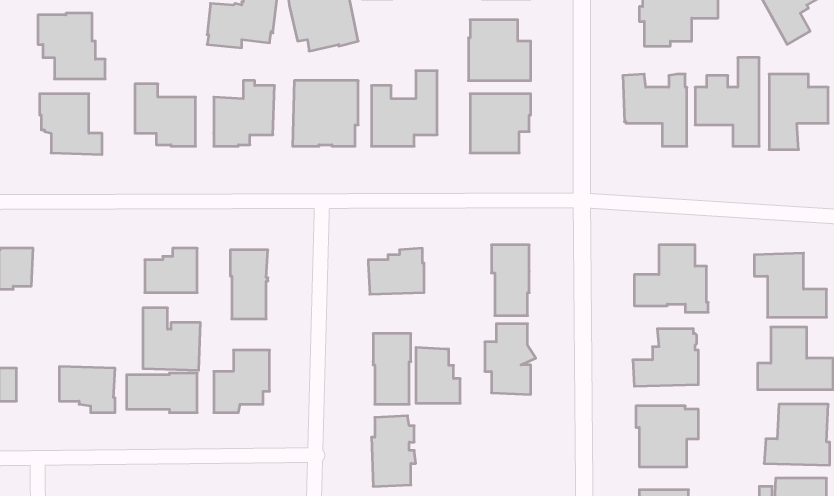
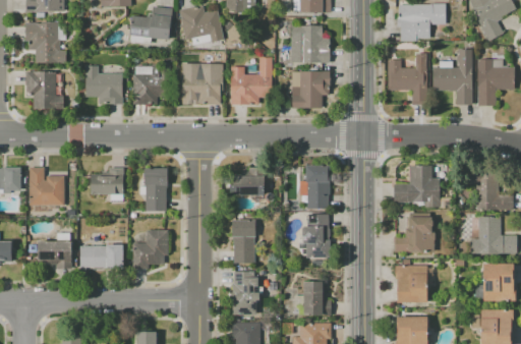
building: [143,308,200,370] -> [30,167,65,206]
building: [416,347,460,403] -> [303,281,331,316]

